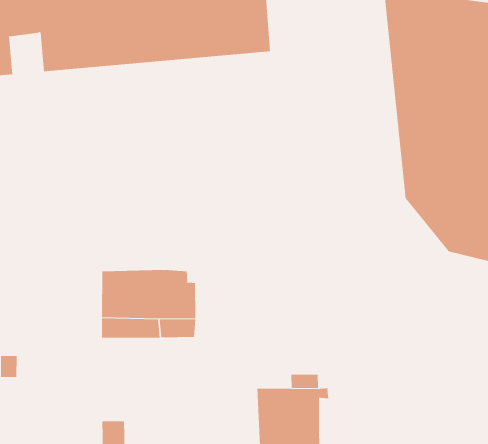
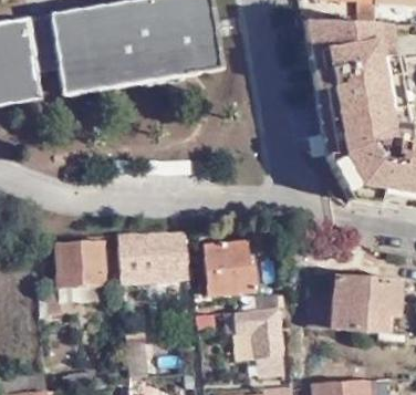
building: none -> [56,240,103,287]
building: none -> [205,242,256,292]
building: none -> [311,277,392,329]

